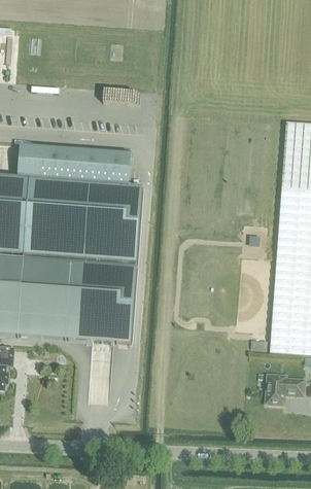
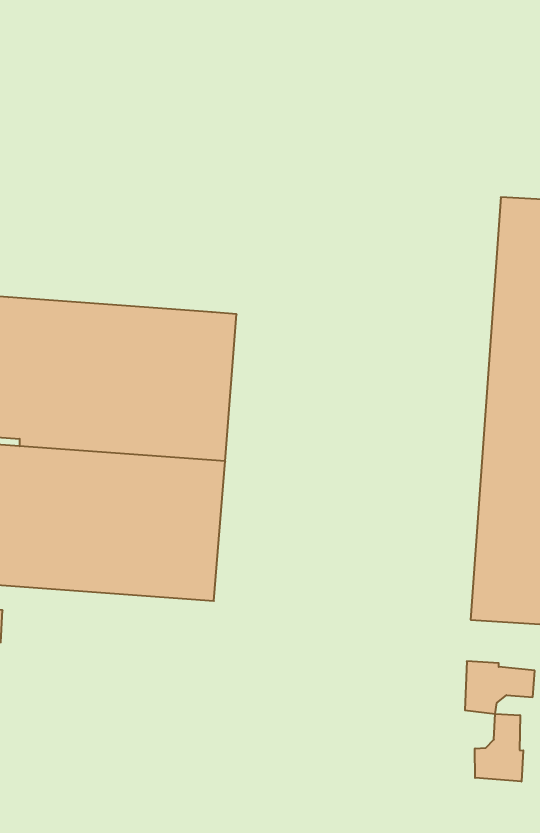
building: [19,144,131,184] -> none
building: none -> [475,714,523,782]

